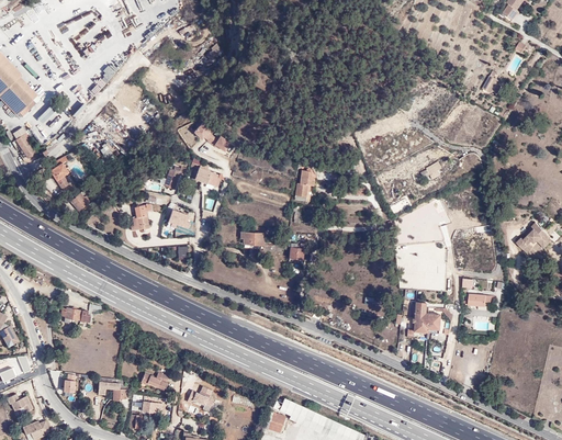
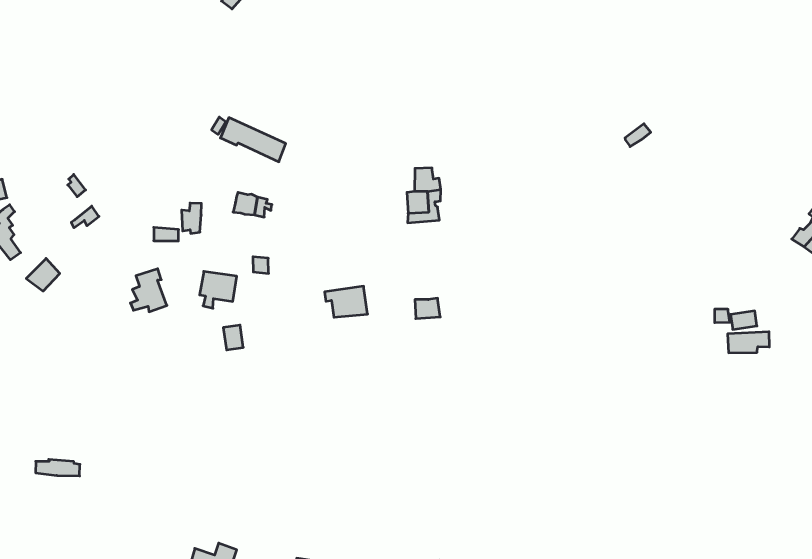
building: [416,302,441,332] -> none

